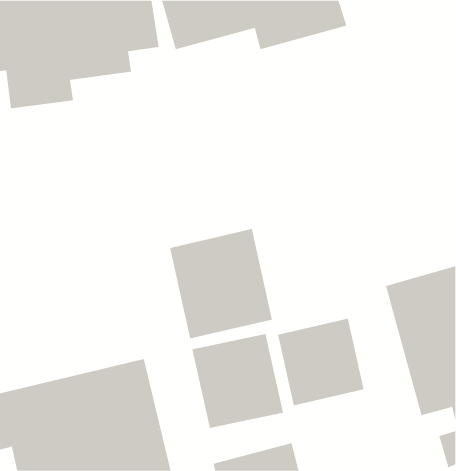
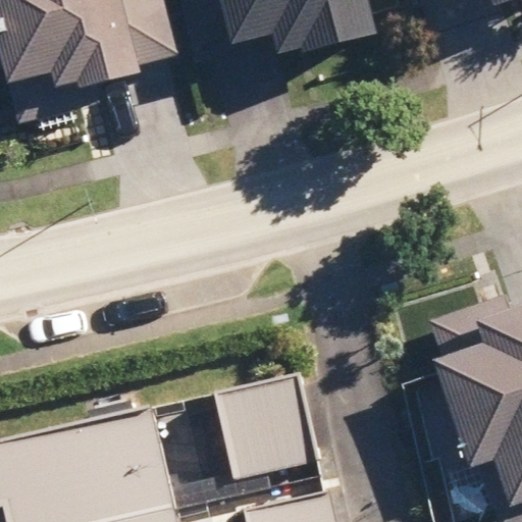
building: [169,228,272,339] -> none
building: [278,318,364,406] -> none

